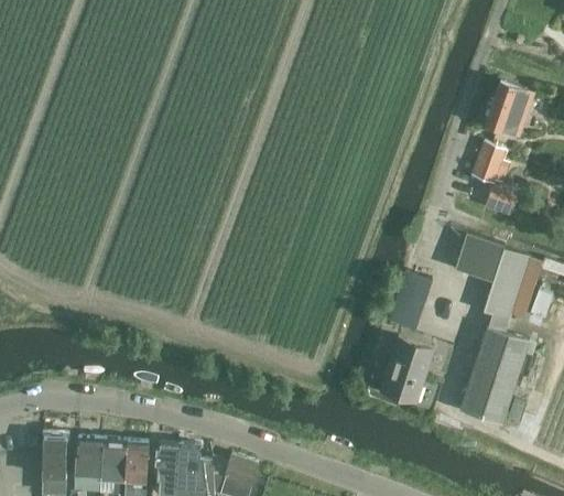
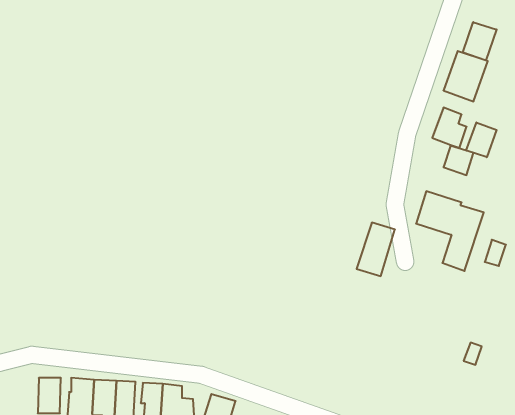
building: none -> [463,22,497,60]
building: none -> [466,122,497,157]
building: [460,327,529,424] -> none
building: [380,338,433,405] -> none

